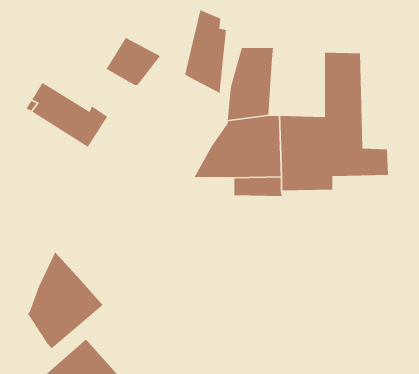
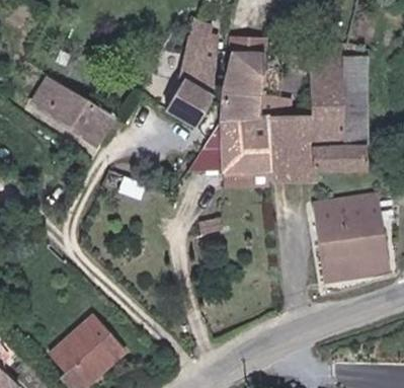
building: [105,37,161,86] -> [163,76,214,121]
building: none -> [341,56,367,143]
building: none -> [310,196,386,279]
building: [27,251,103,349] -> none

